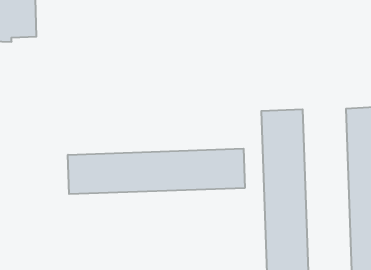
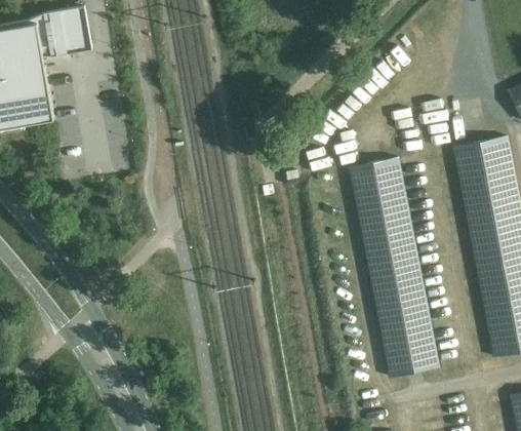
building: [68,149,245,194] -> none

